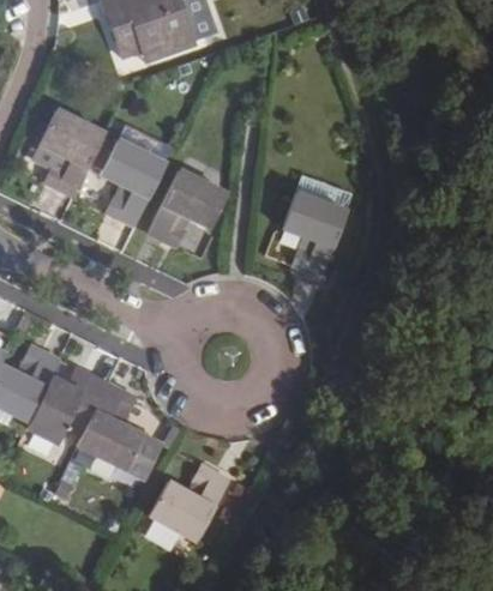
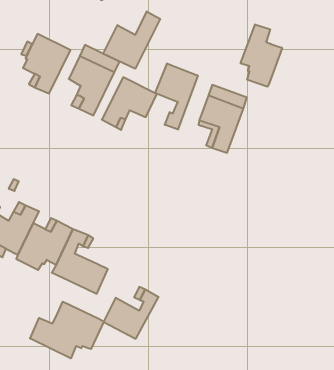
building: none -> [103,11,160,69]
building: none -> [241,24,282,87]
building: none -> [155,63,198,130]
building: none -> [30,302,104,358]

